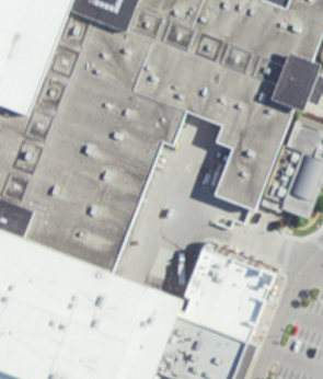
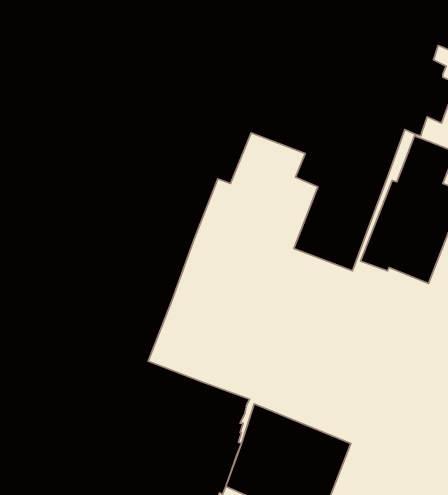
building: [185,233,278,328] -> none

